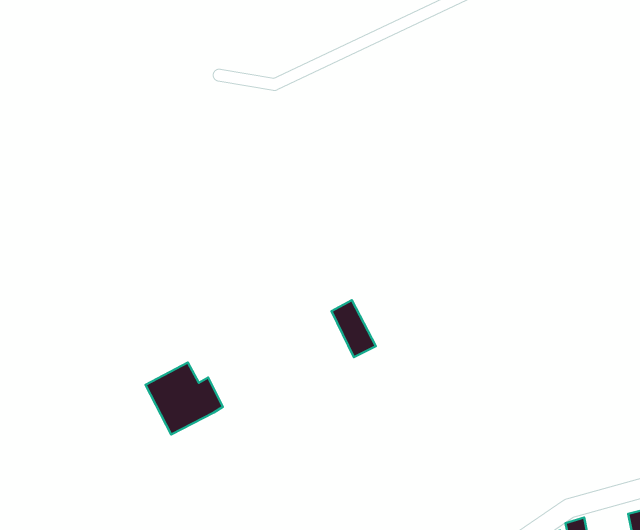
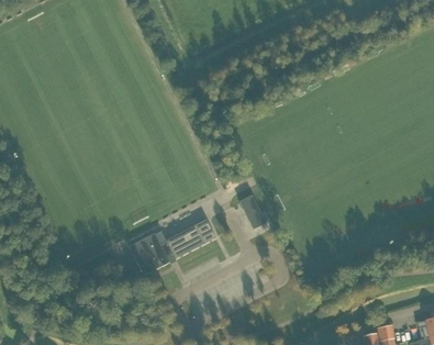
building: none -> [165,219,215,258]

